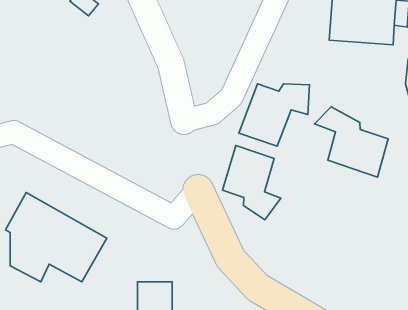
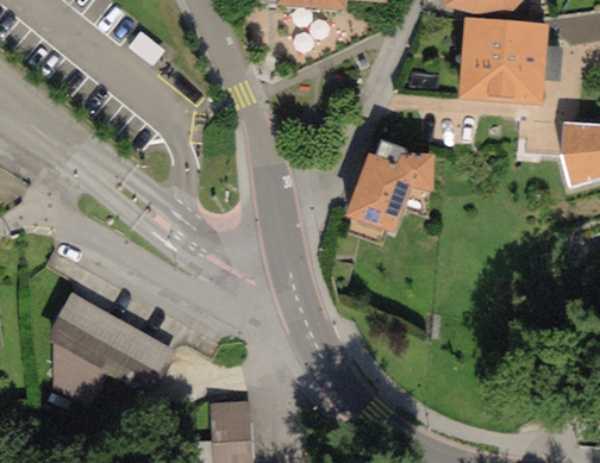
building: [315,107,388,177] -> none
building: [222,146,281,220] -> none

